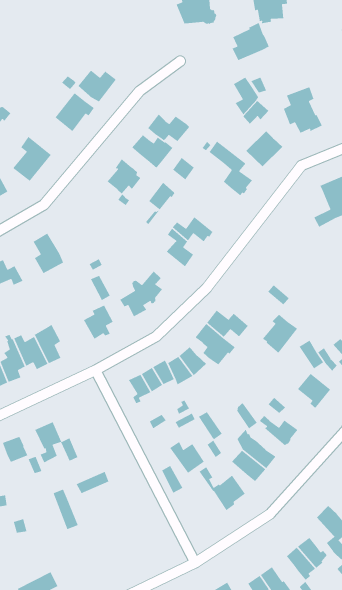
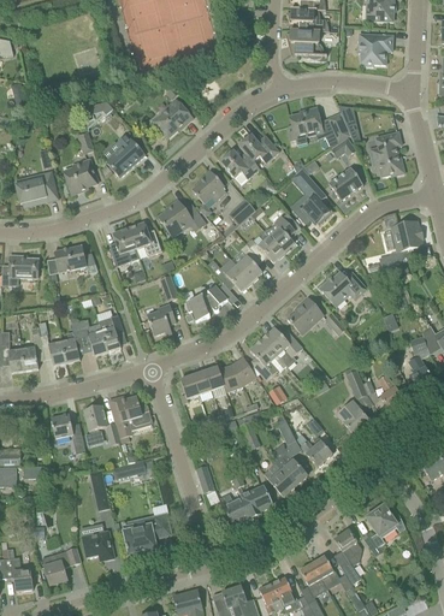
building: [232,22,270,61] -> [286,106,322,140]
building: [77,69,117,103] -> none
building: none -> [264,212,302,253]
building: none -> [158,197,205,237]
building: none -> [128,221,161,254]
building: none -> [319,271,367,306]
building: none -> [217,257,251,290]
building: [262,314,298,354] -> [288,297,324,334]
building: none -> [112,395,152,437]
building: [169,440,205,474] -> [219,492,250,525]
building: none -> [123,513,171,553]
building: none -> [81,528,114,558]

